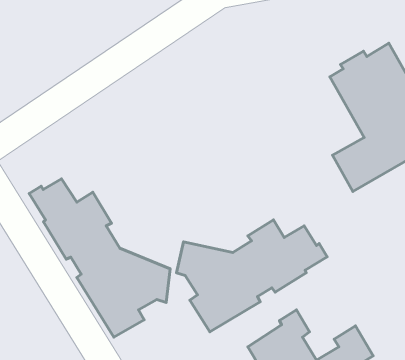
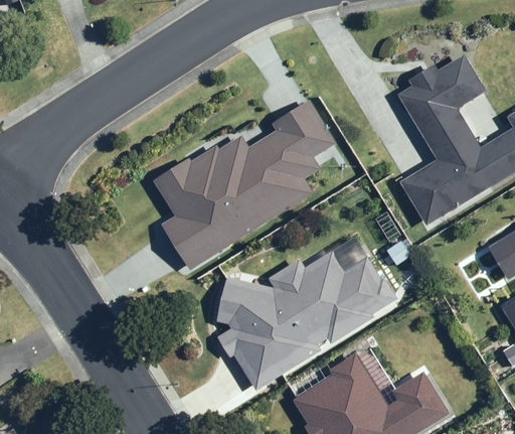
building: none -> [161,104,333,265]
building: [29,179,170,337] -> none

